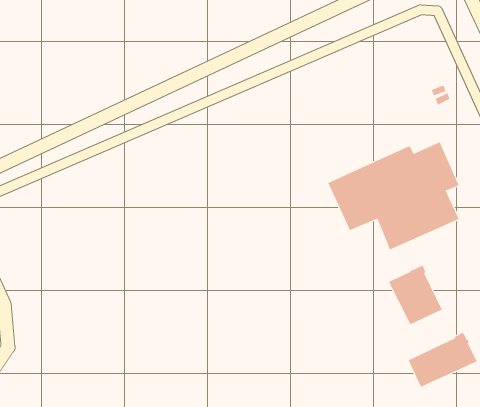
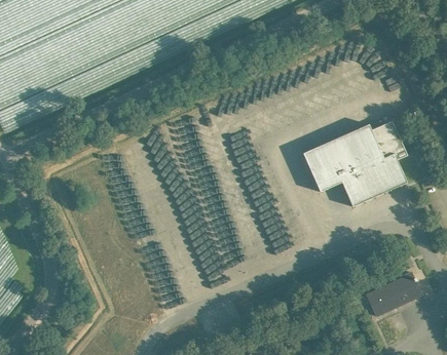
building: [388,265,442,325] -> none

